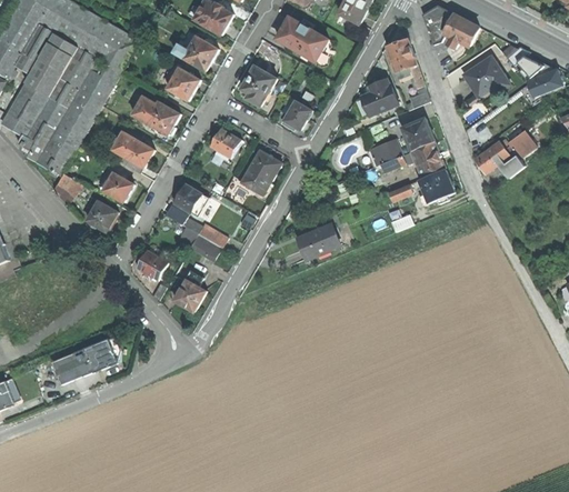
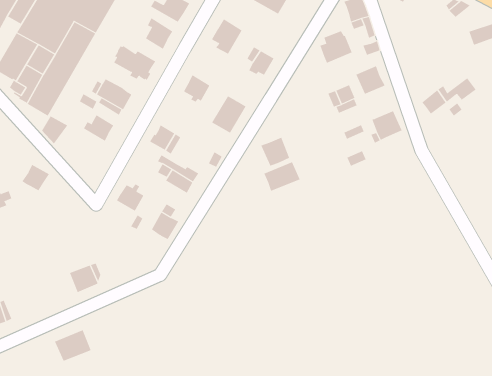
building: [462,54,509,94] -> none
building: [411,141,443,177] -> none
building: none -> [260,137,290,167]
building: [87,201,118,231] -> [22,164,50,191]
building: [51,348,92,383] -> [54,330,91,362]

